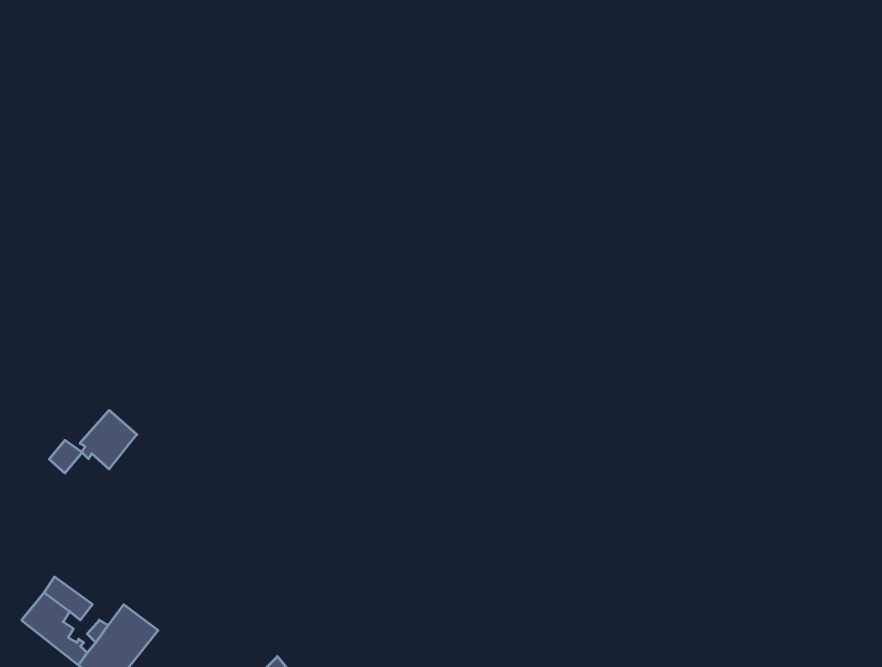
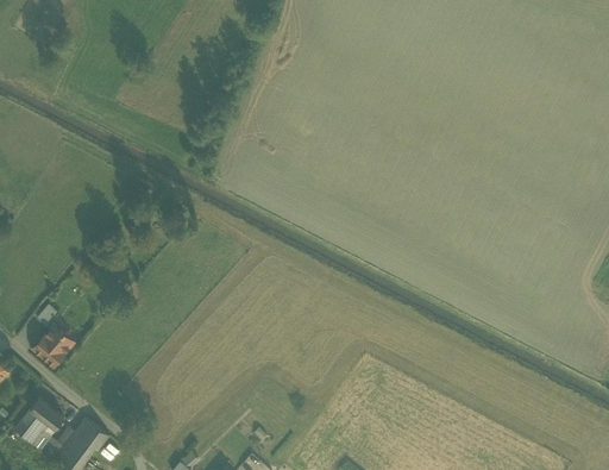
building: [80,410,137,469] -> [33,327,73,368]

